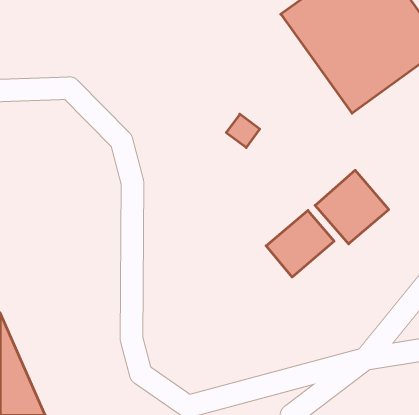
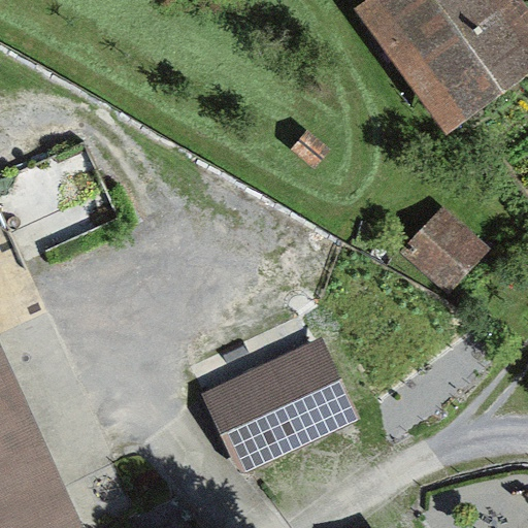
building: [266,210,334,277] -> none
building: none -> [203,346,362,487]

